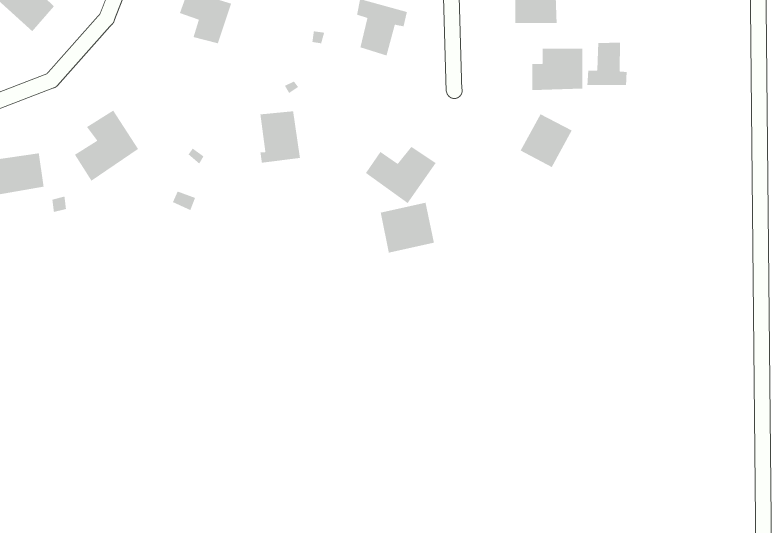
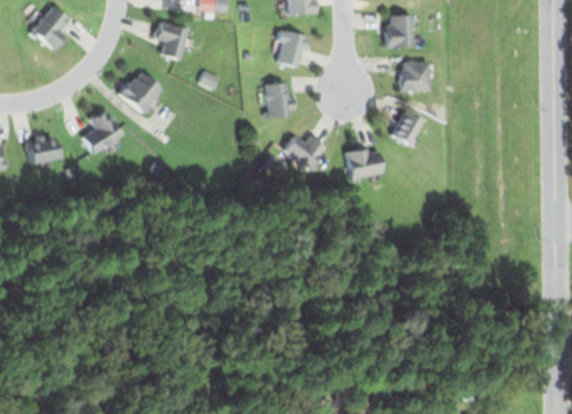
building: [586,42,628,86] -> none
building: none -> [112,72,164,116]
building: [259,110,301,164] -> [263,82,292,119]
building: [380,202,435,253] -> [347,145,384,180]

